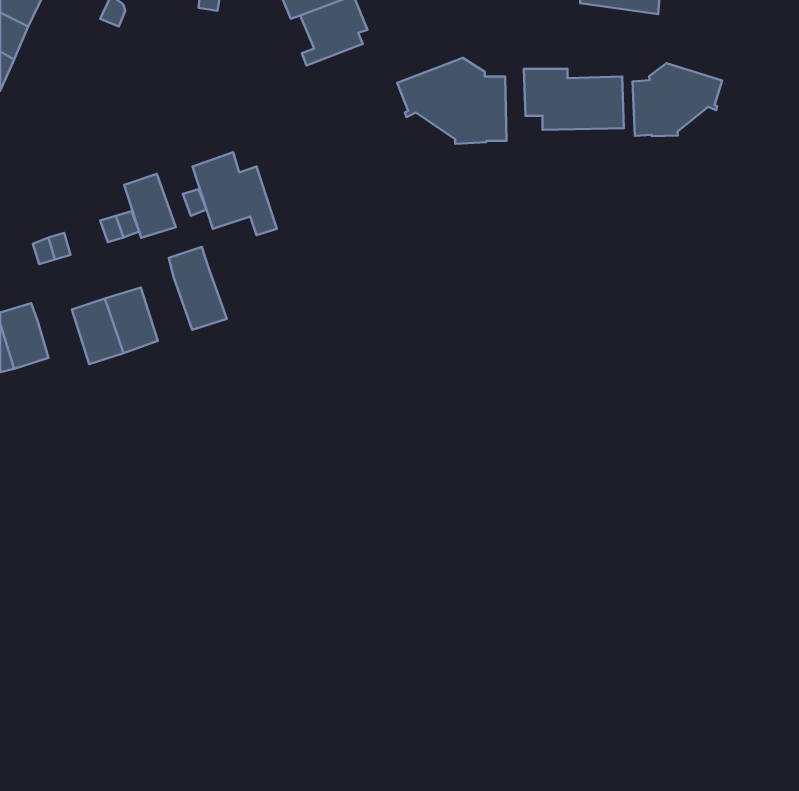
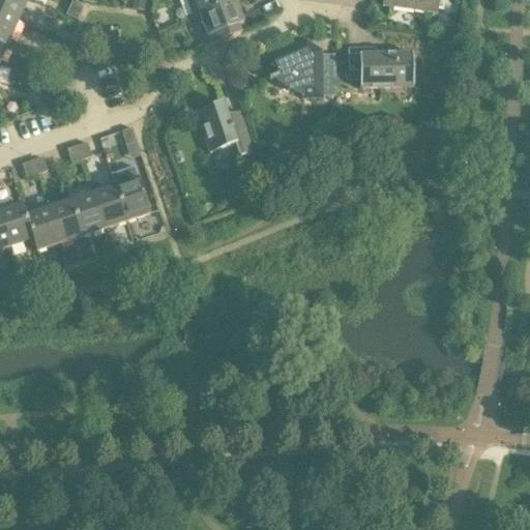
building: [633,63,722,136] -> none
building: [192,152,277,235] -> [197,100,253,155]
building: [124,174,176,238] -> [93,183,127,226]
building: none -> [25,205,59,248]

